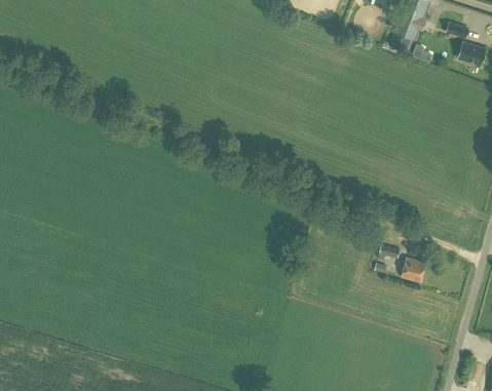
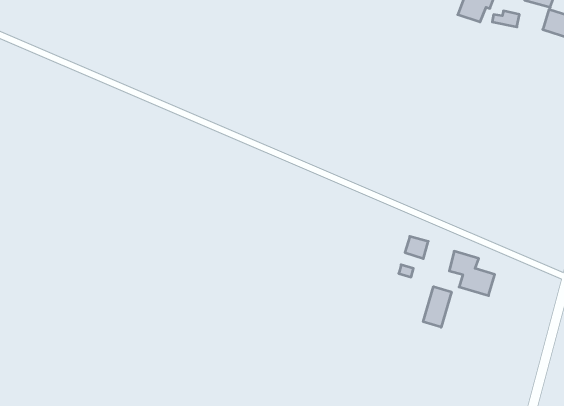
building: none -> [423,287,451,327]

